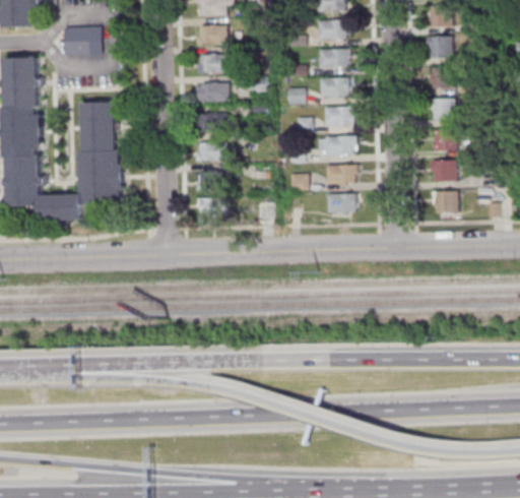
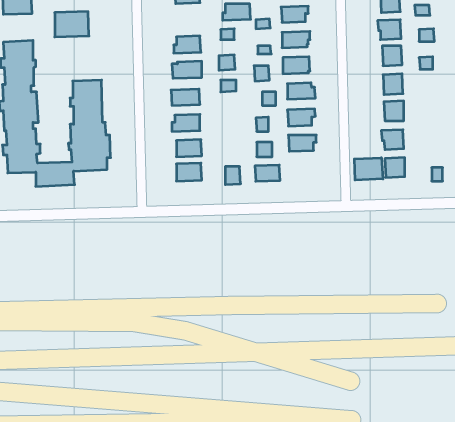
building: [195,26,226,45] -> [223,4,251,20]
building: none -> [354,158,383,180]
building: [326,194,354,212] -> [255,165,280,181]

